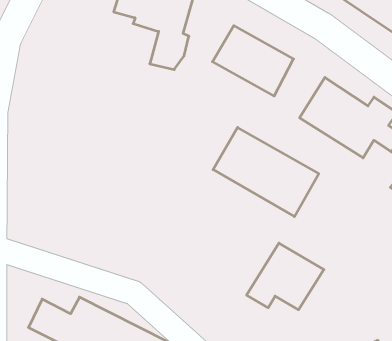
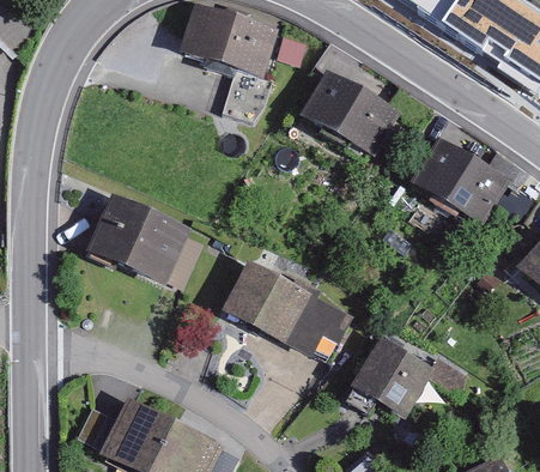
building: [213,127,319,217] -> [226,264,356,373]
building: none -> [97,198,210,294]

